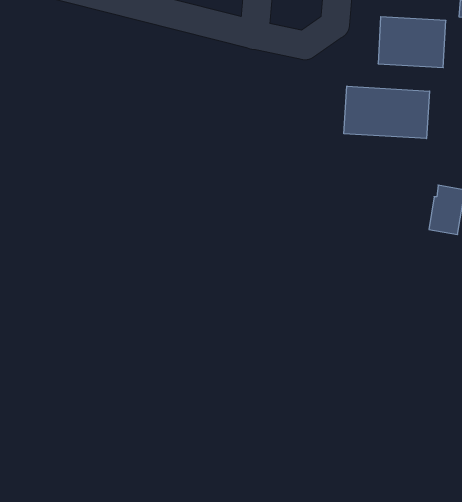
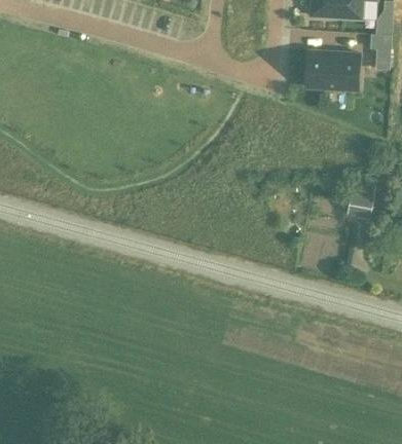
building: [344,86,430,139] -> none

